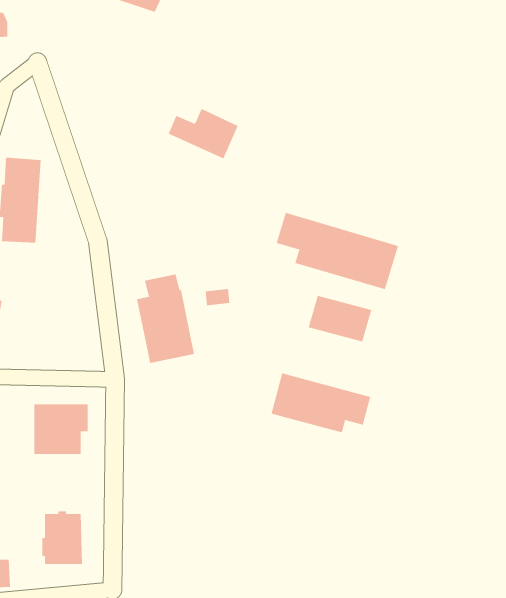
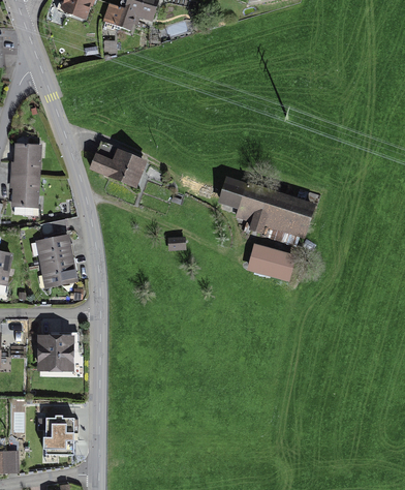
building: [168,108,239,159] -> [93,150,148,189]
building: [136,274,195,363] -> [33,219,79,288]
building: [271,373,371,433] -> none

